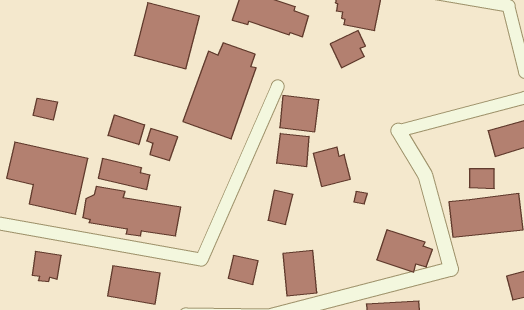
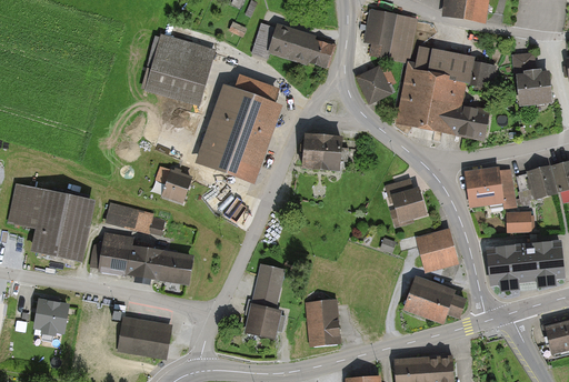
building: none -> [396,47,492,140]
building: none -> [513,53,555,108]
building: [33,98,57,120] -> none
building: [108,115,145,145] -> none
building: none -> [466,167,517,208]
building: [277,133,309,167] -> none
building: [313,147,350,186] -> [385,178,425,220]
building: none -> [417,229,459,271]
building: [268,190,293,224] -> [254,269,281,305]

